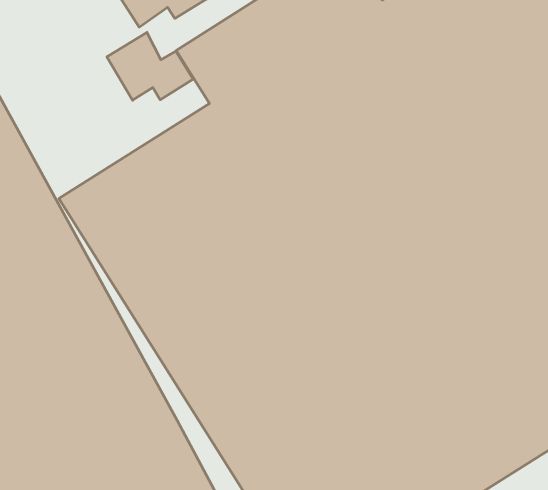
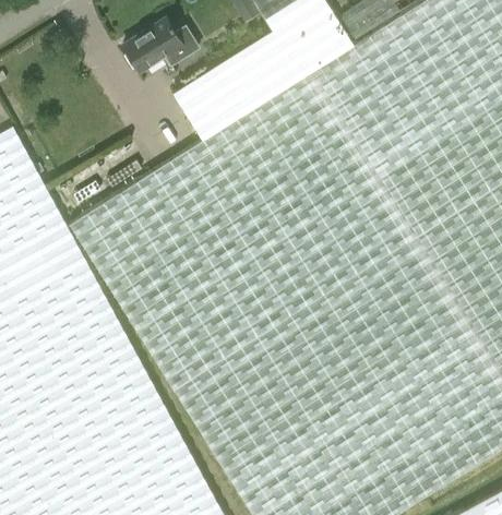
building: [107,32,193,100] -> none

